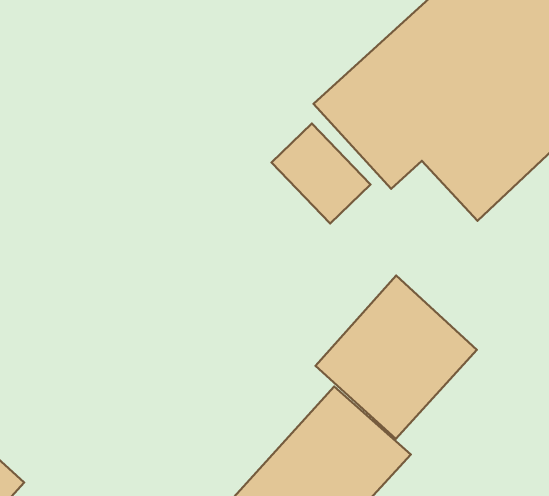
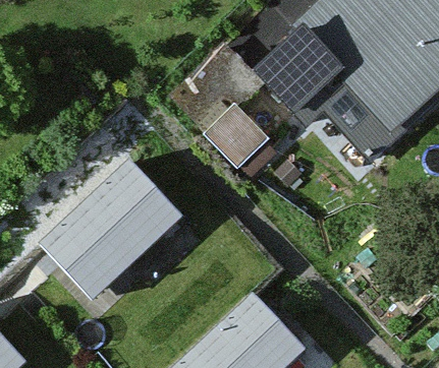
building: none -> [40,165,174,302]
building: [316,276,477,439] -> none

